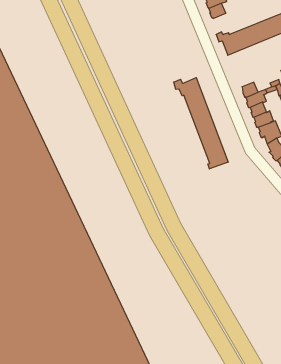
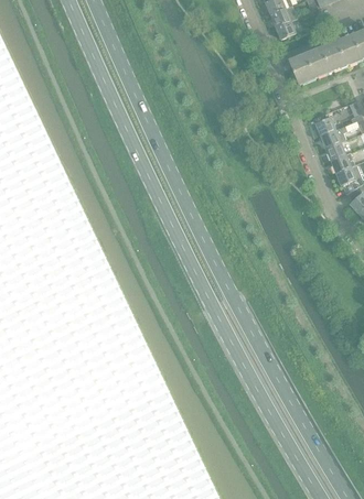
building: [174,78,228,169] -> none

